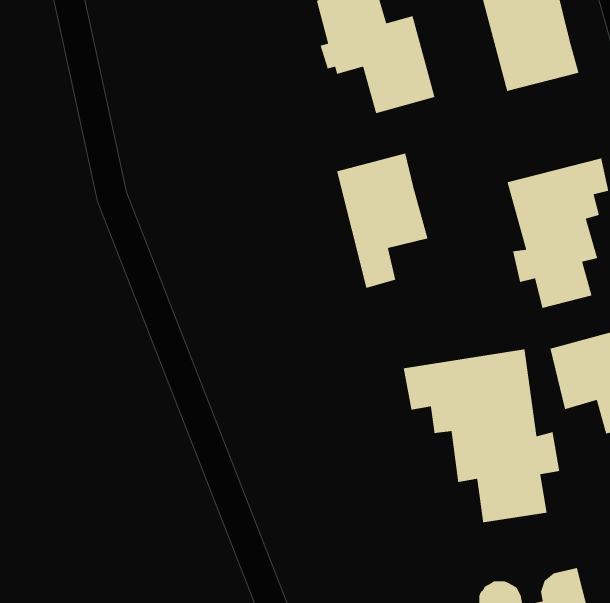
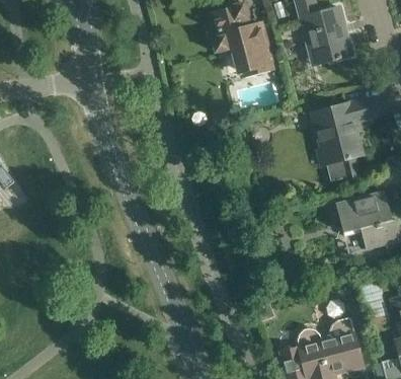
building: [336,153,429,289] -> none
building: [403,348,560,523] -> none

